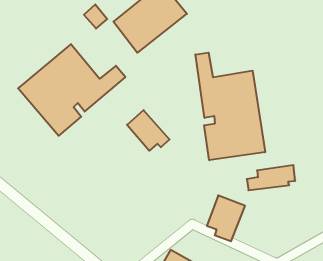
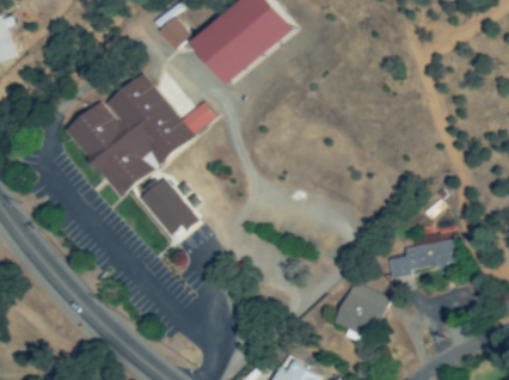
building: [195,53,265,160] -> none
building: [127,110,170,151] -> [136,177,195,233]

